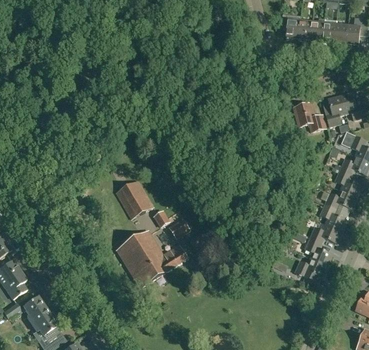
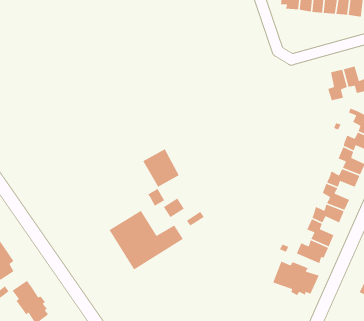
building: [294,103,325,131] -> none
building: [116,180,152,218] -> [142,148,180,188]
building: none -> [272,261,320,296]

